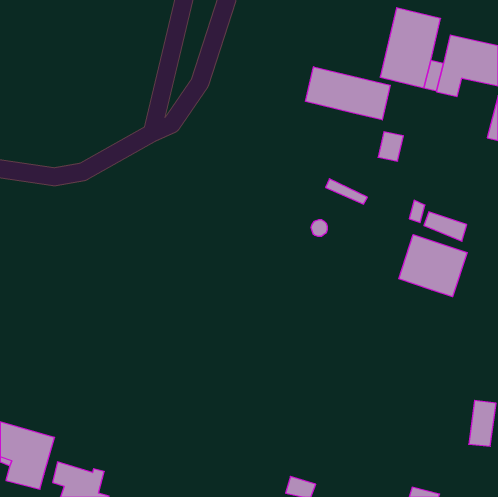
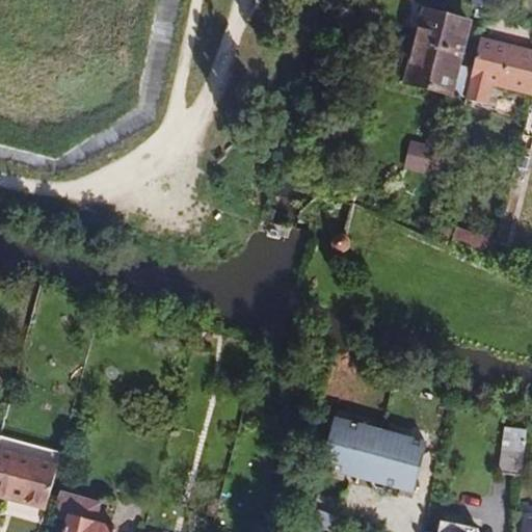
building: [306,67,390,120] -> none
building: [399,235,467,297] -> none
building: none -> [322,417,429,491]

